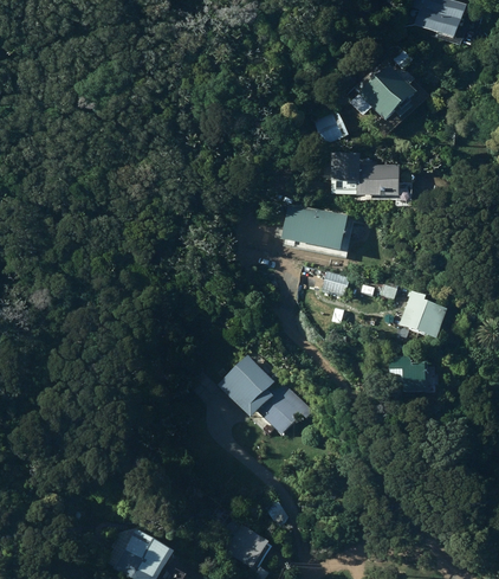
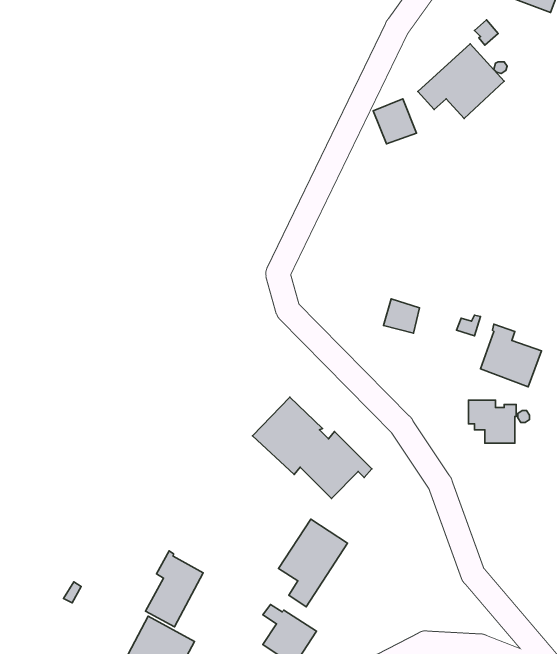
building: [330,159,400,200] -> none
building: [279,205,346,257] -> none
building: none -> [279,519,347,607]
building: none -> [145,551,203,627]

